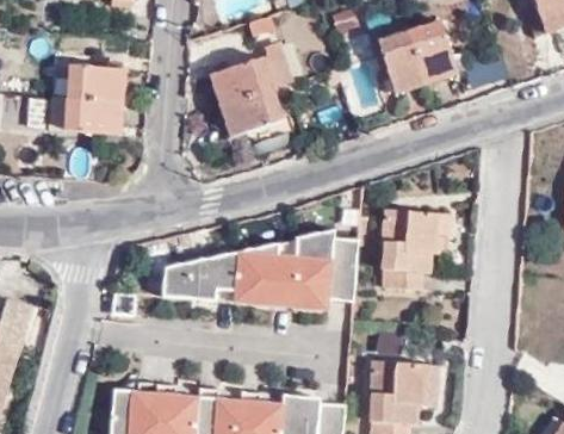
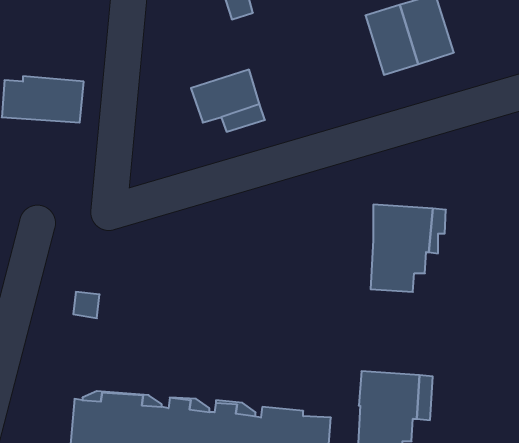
building: [211,46,293,106] -> none
building: [69,68,125,100] -> none
building: [165,228,361,310] -> none

